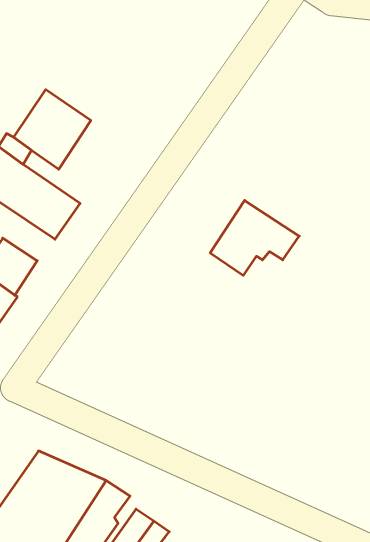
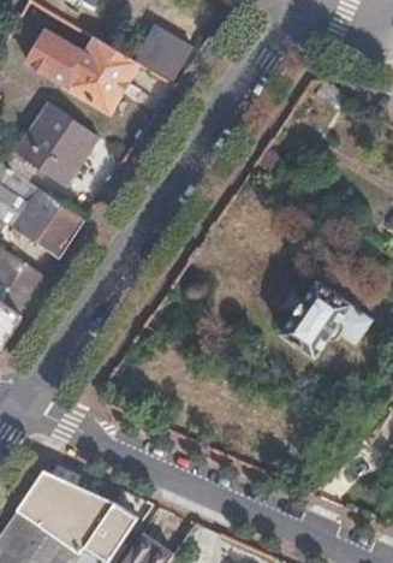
building: none -> [24,25,138,114]
building: none -> [139,28,192,78]
building: [210,200,299,275] -> [280,280,370,356]

